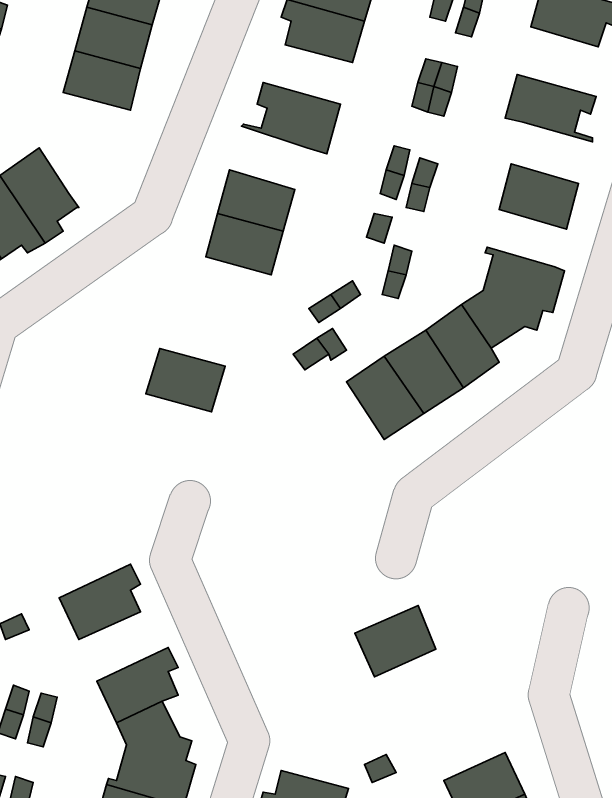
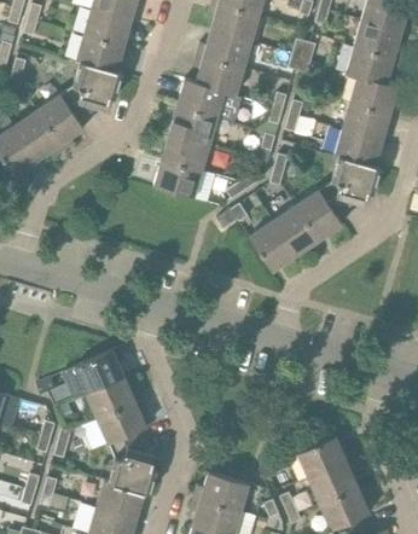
building: none -> [353,19,405,62]
building: none -> [198,30,252,66]
building: none -> [62,59,122,121]
building: none -> [349,77,399,115]
building: none -> [178,80,225,118]
building: none -> [335,130,383,166]
building: [146,348,225,412] -> [155,159,203,198]
building: [355,606,436,677] -> [296,435,346,478]
building: none -> [86,376,140,418]

